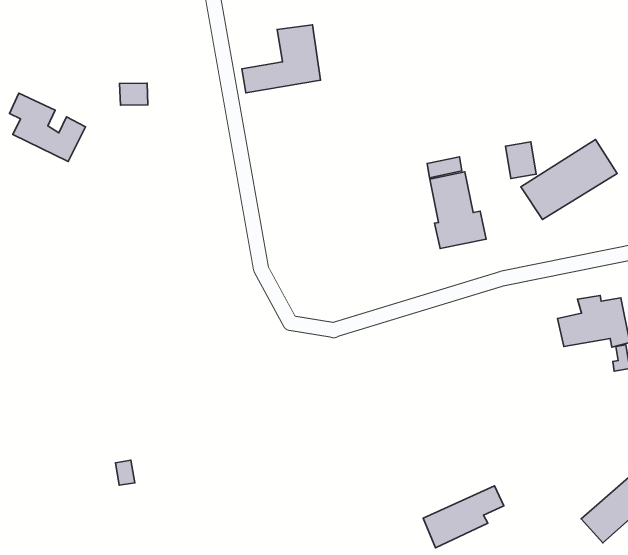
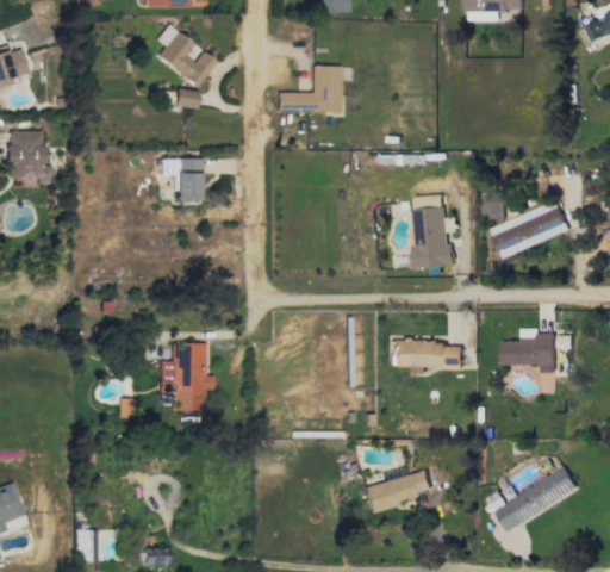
building: [9,93,86,162] -> [156,24,217,87]
building: none -> [162,157,203,200]
building: none -> [396,340,463,374]
building: none -> [160,342,213,410]

